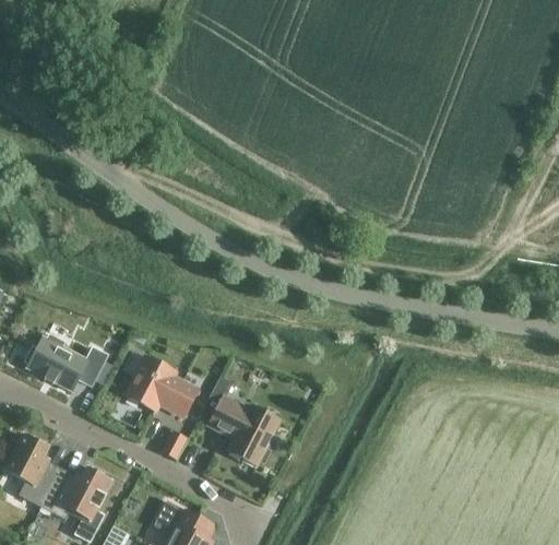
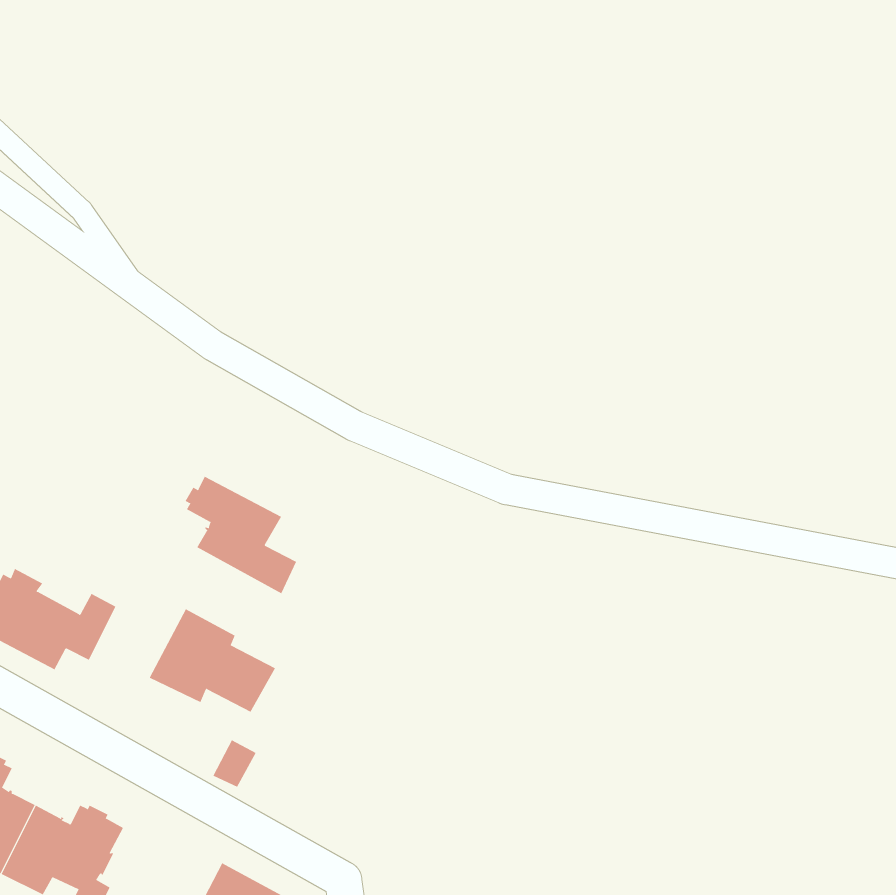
building: none -> [185,476,297,594]
building: [207,396,280,465] -> none

